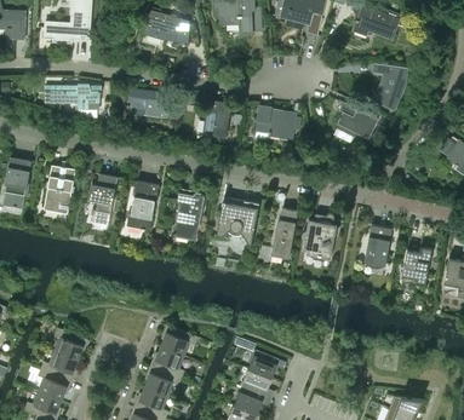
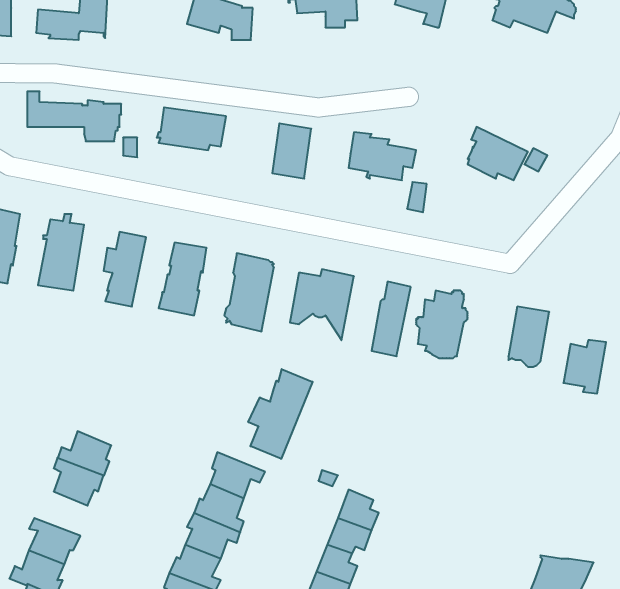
building: [373,63,408,110] -> none
building: none -> [248,369,313,459]
building: [41,350,78,380] -> [58,431,111,476]

